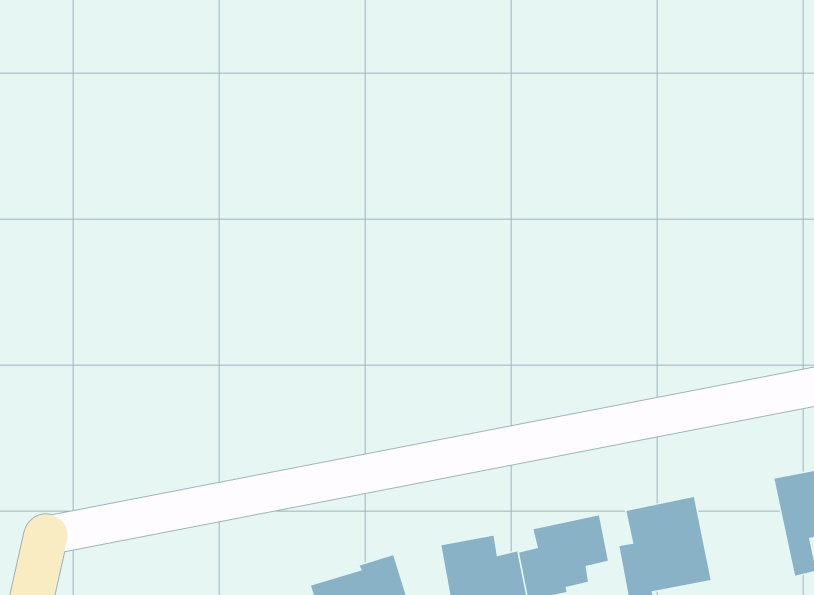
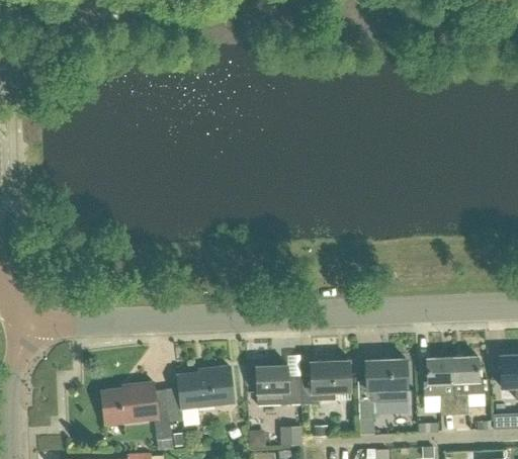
building: none -> [423,357,454,415]

